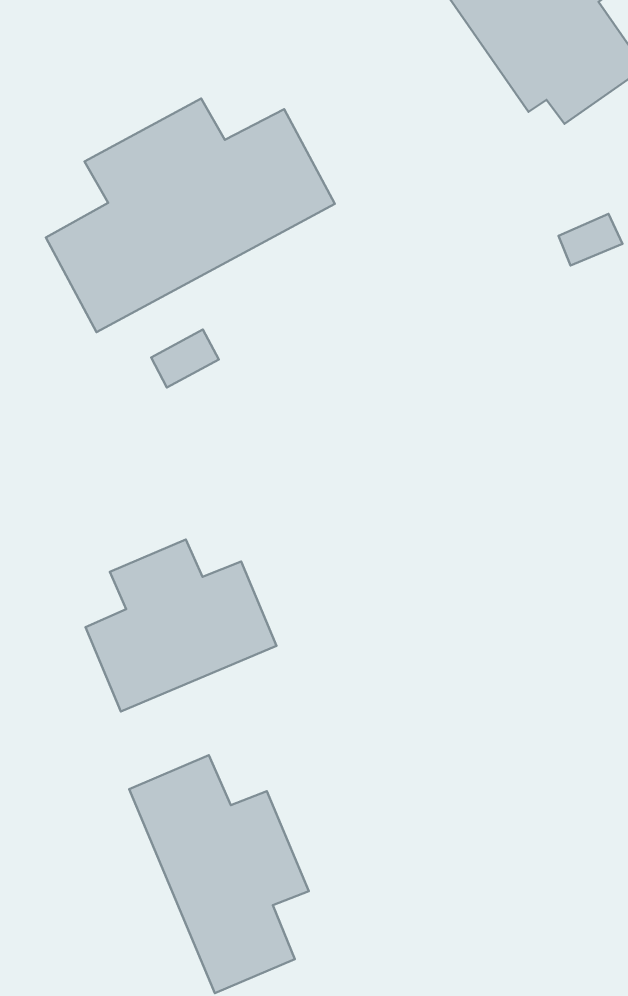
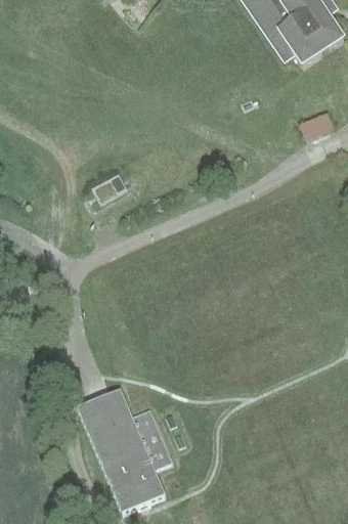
building: [46,99,335,332] -> none
building: [86,540,277,712] -> none

